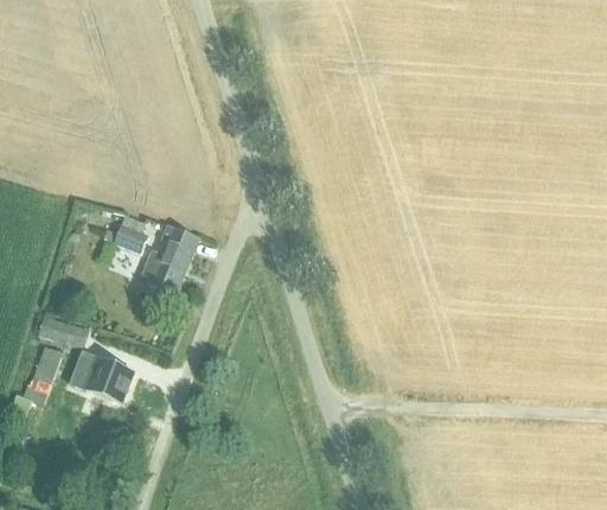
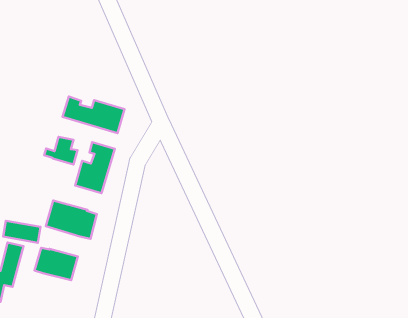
building: none -> [63,97,124,133]
building: none -> [46,200,97,239]

